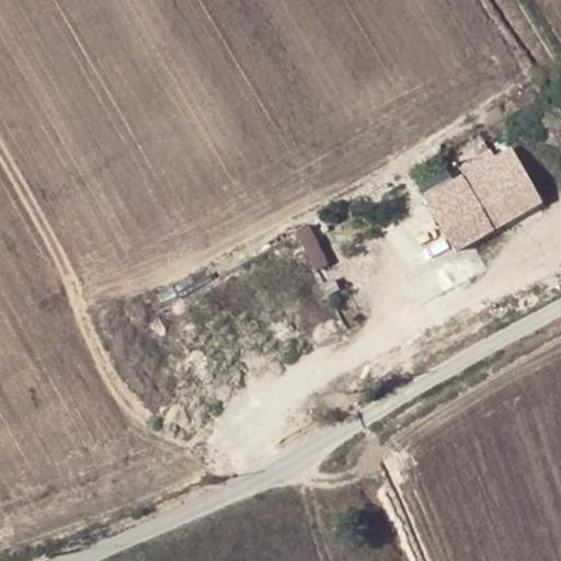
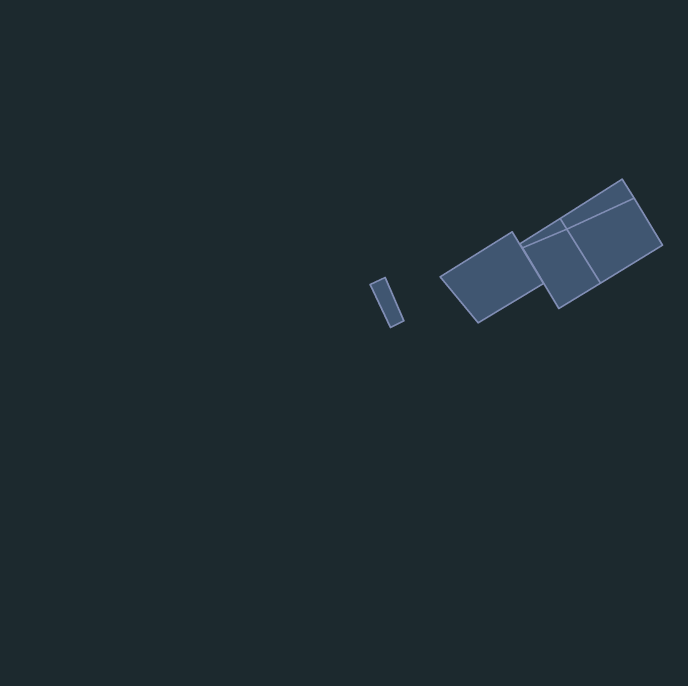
building: none -> [440,232,544,323]

